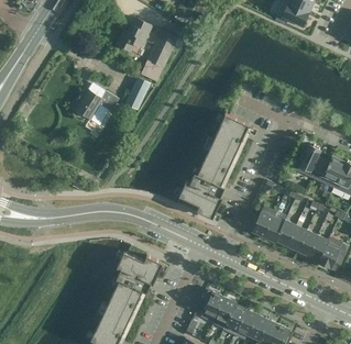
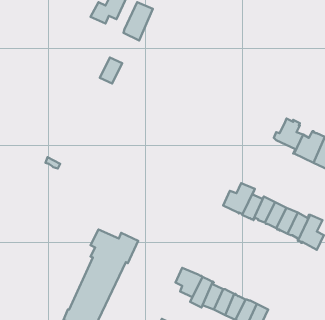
building: [75,90,118,125] -> none
building: [177,113,256,219] -> none

